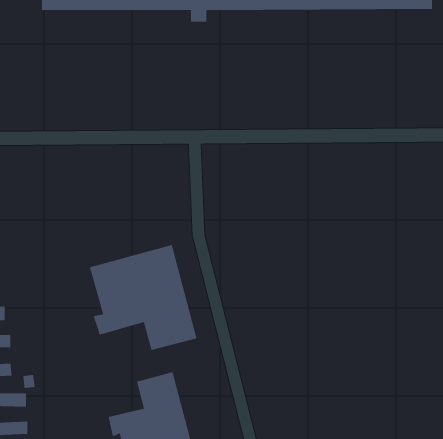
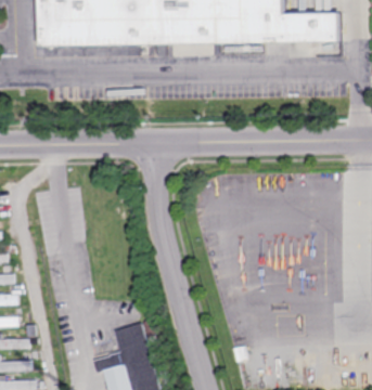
building: [89,244,197,351] -> none

